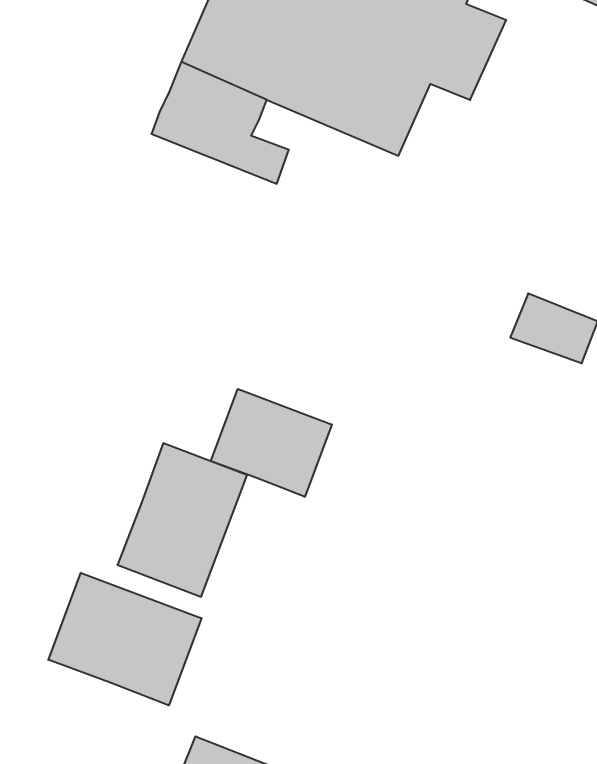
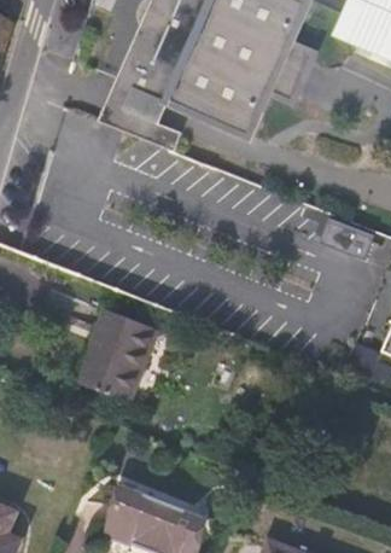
building: [211,389,332,497] -> none
building: [48,573,201,705] -> none

